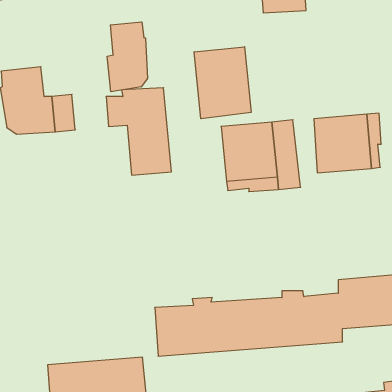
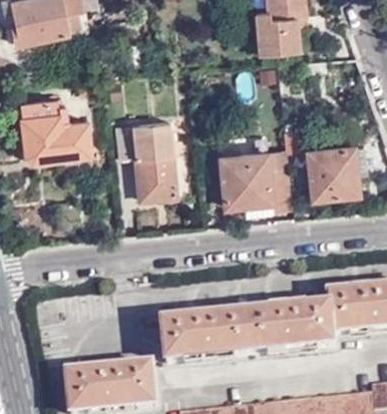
building: [107,22,148,92] -> none
building: [194,47,251,119] -> none

